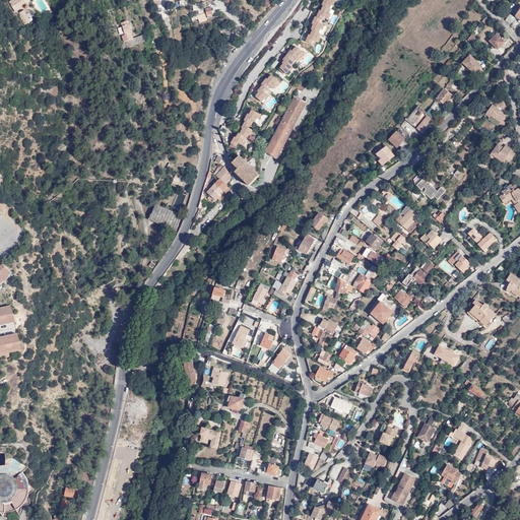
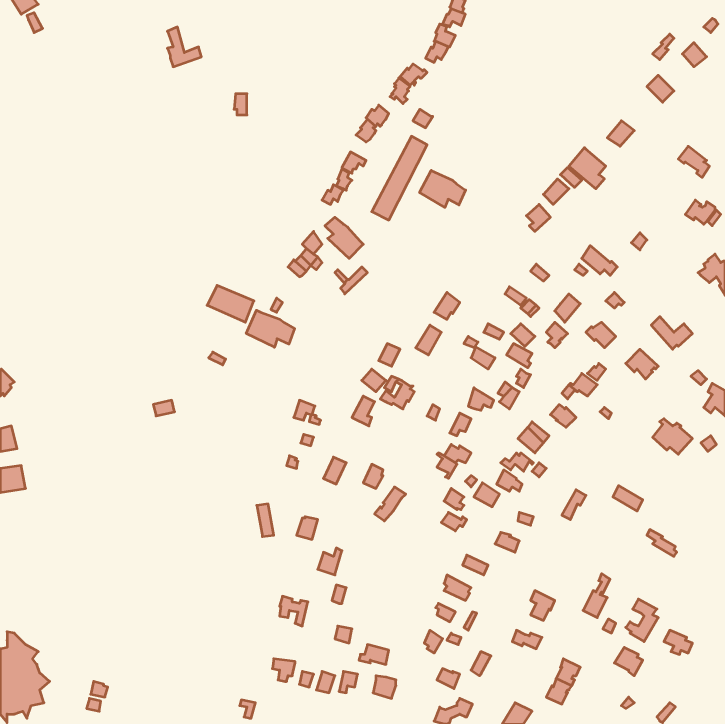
building: none -> [420,170,466,207]
building: none -> [246,310,295,347]

